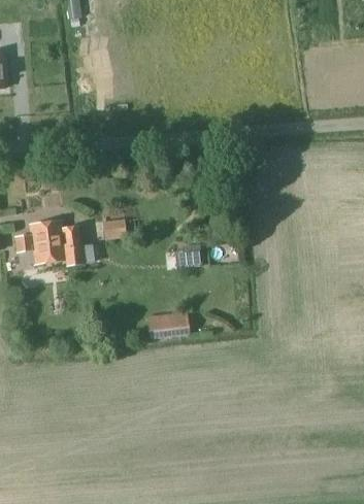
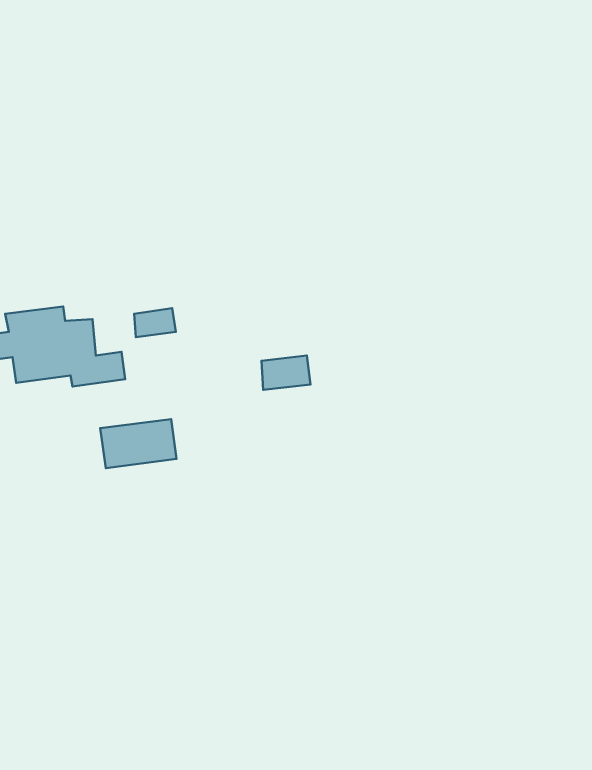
building: [147,310,191,338] -> [100,419,177,468]

